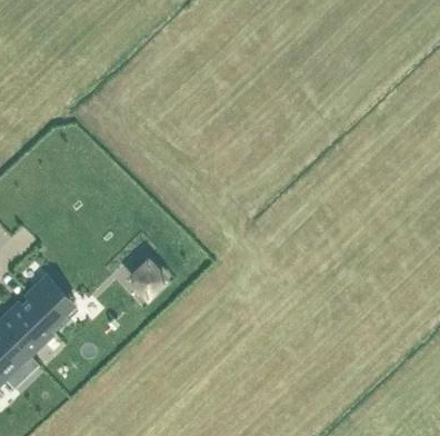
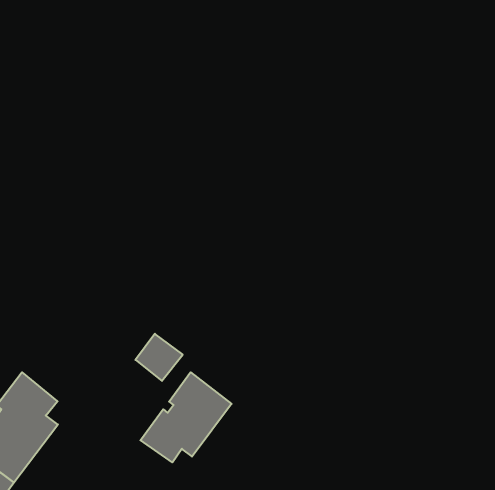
building: none -> [140,372,232,462]

